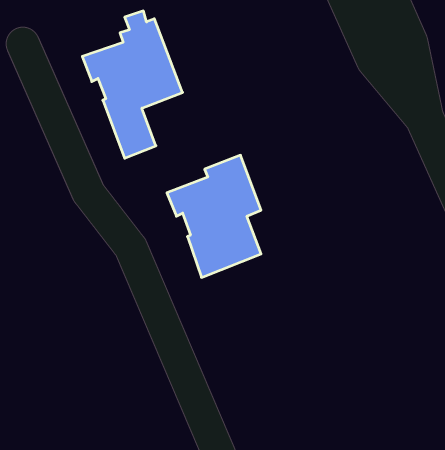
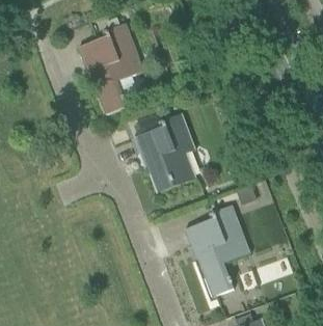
building: none -> [184,203,250,295]

